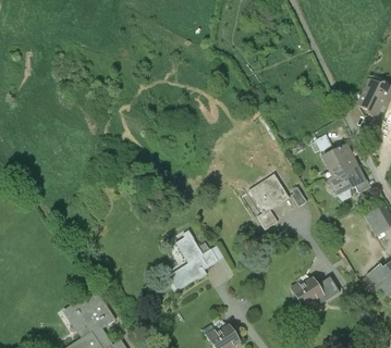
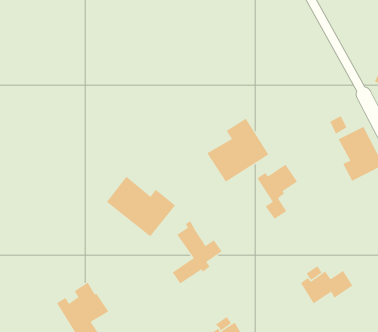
building: none -> [207,118,269,183]
building: none -> [106,176,176,237]

